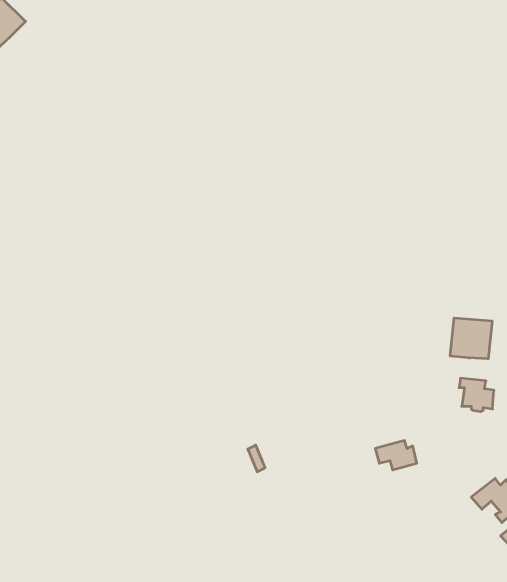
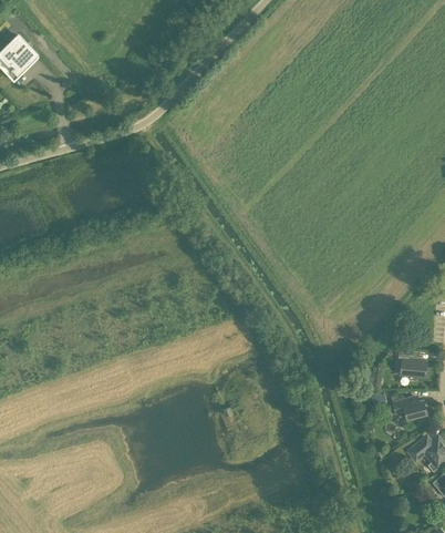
building: [450,318,492,359] -> none
building: [375,441,417,470] -> [391,394,425,419]

